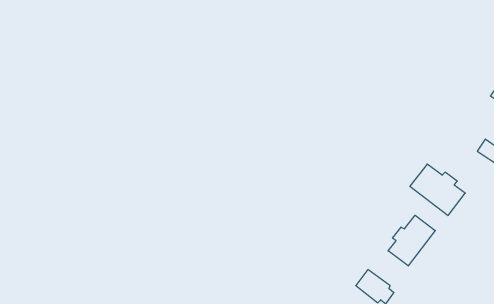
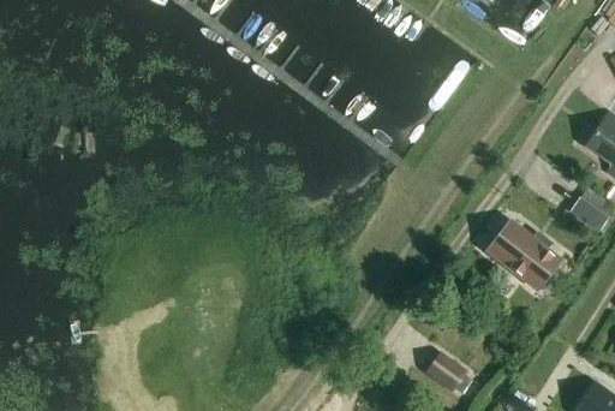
building: [388,215,435,266] -> none

